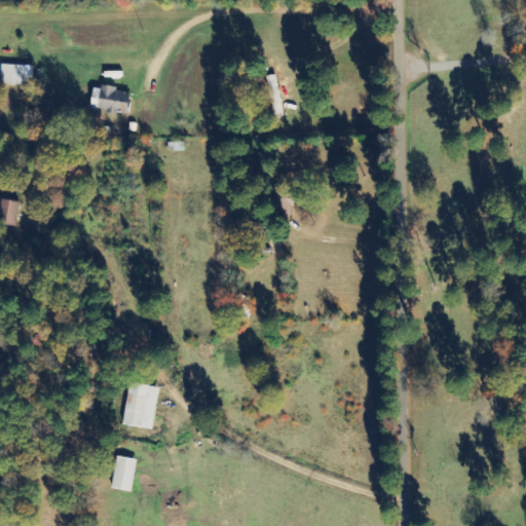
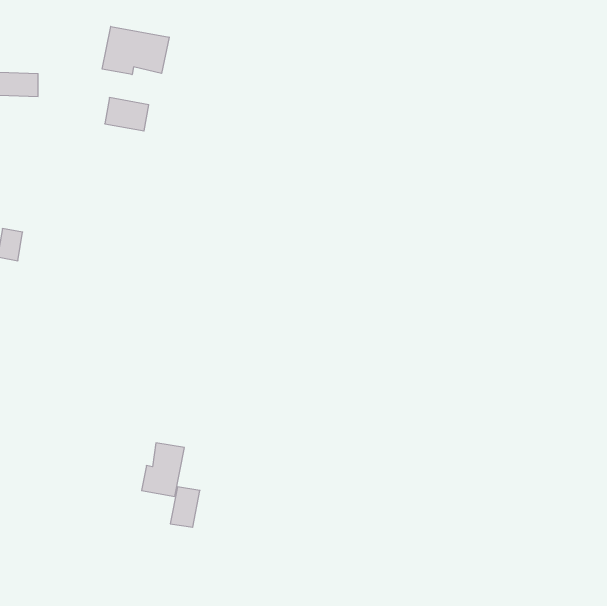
building: none -> [102,26,169,75]
building: [111,455,137,490] -> [170,487,200,527]

